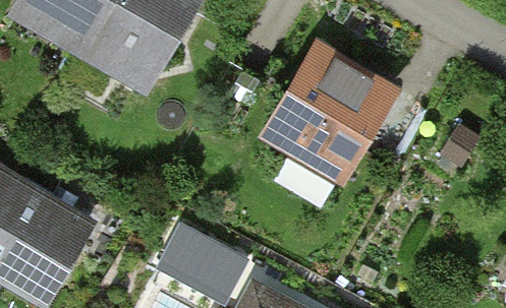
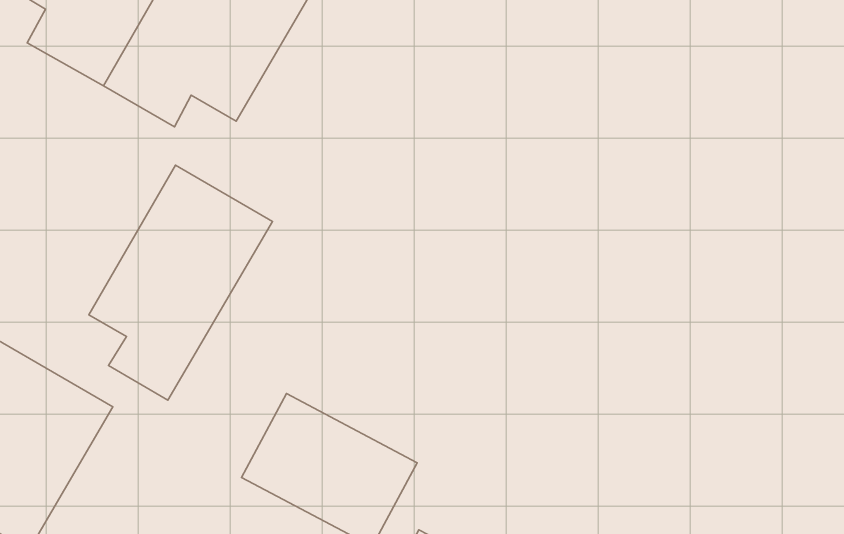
building: [271,53,392,179] -> none
building: none -> [89,165,272,400]

